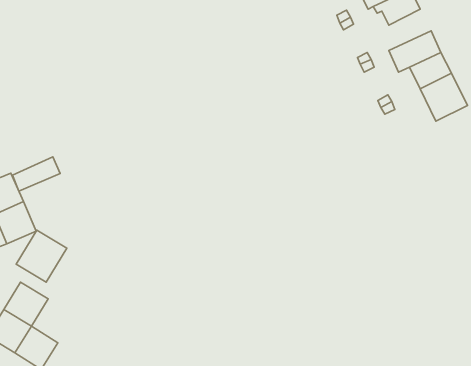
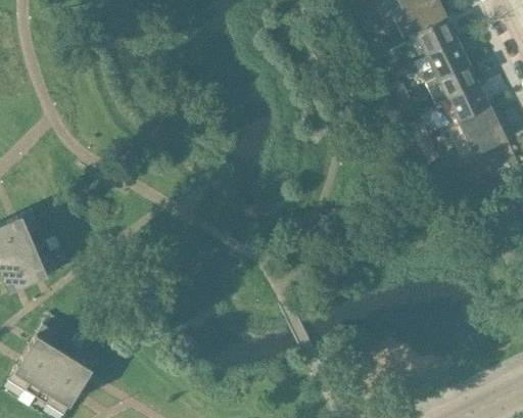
building: none -> [421,42,470,85]
building: [12,157,60,191] -> none
building: [16,230,67,282] -> none
building: none -> [54,343,99,389]

